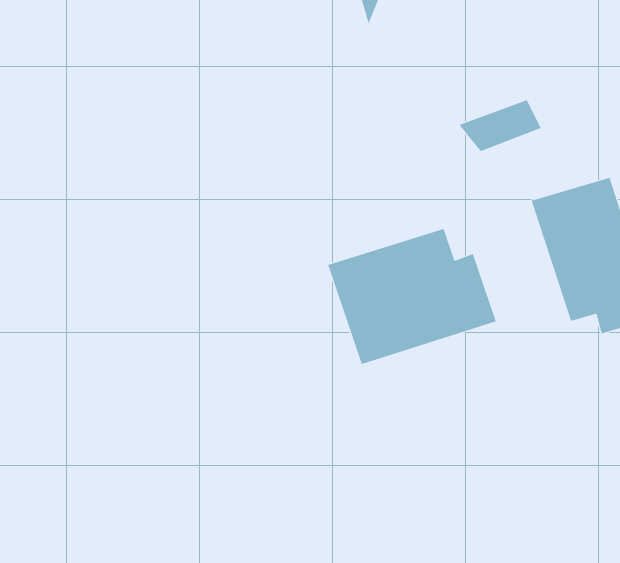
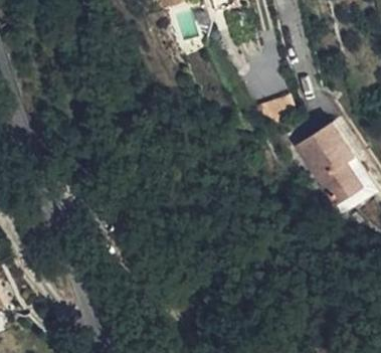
building: [327,228,496,365] -> none

